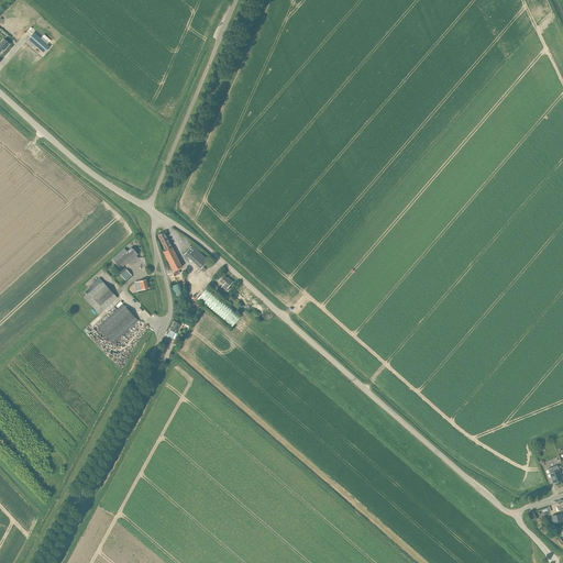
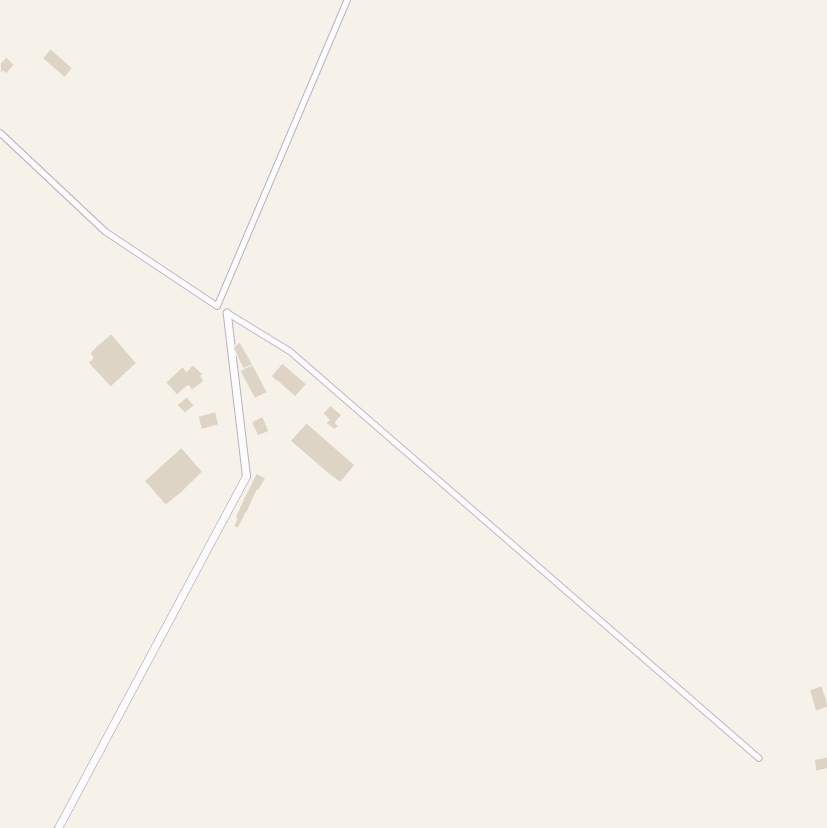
building: [85,278,118,314] -> [88,334,137,387]

